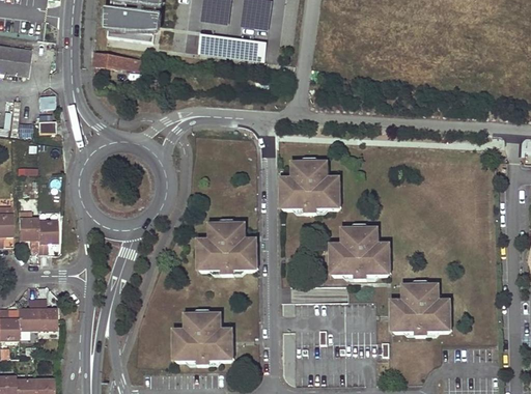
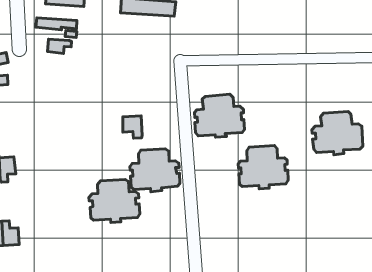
building: none -> [48,39,72,53]
building: none -> [123,116,142,138]
building: [390,283,451,335] -> [312,112,363,155]
building: [172,312,233,364] -> [89,179,140,222]

